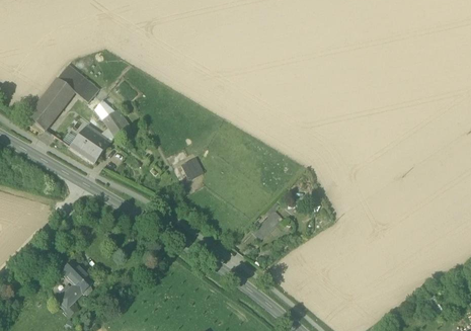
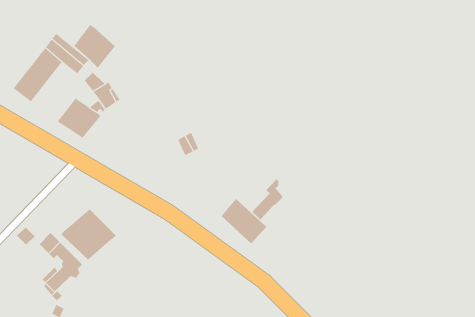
building: none -> [73,24,116,68]
building: none -> [221,198,267,244]
building: none -> [61,208,117,261]

